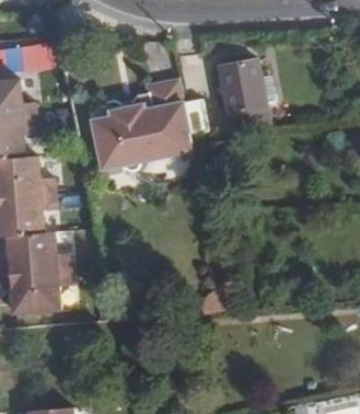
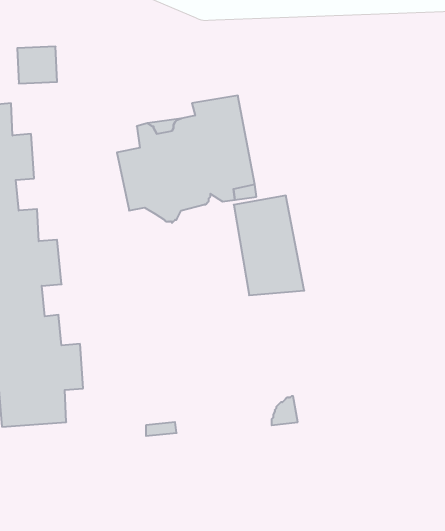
building: [219,57,269,128] -> [234,196,304,295]

